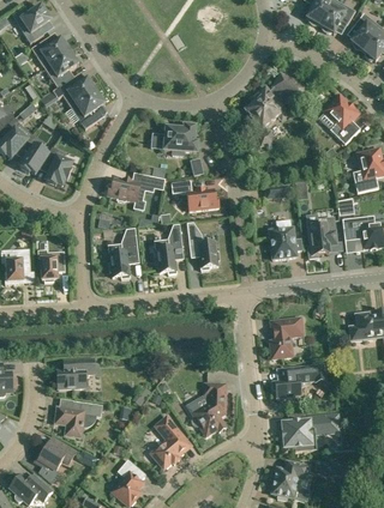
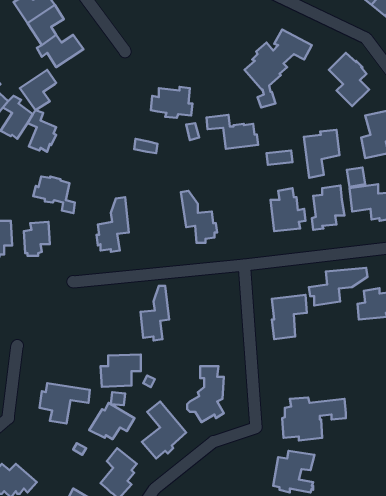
building: [71,91,104,128] -> [20,70,56,110]
building: none -> [304,130,339,178]
building: [107,177,145,211] -> [33,177,75,213]
building: [170,180,218,211] -> [206,115,258,149]
building: [156,224,182,274] -> [141,286,169,340]
building: [56,358,94,388] -> [100,354,141,387]
building: [271,363,325,398] -> [309,268,367,305]
building: [34,436,76,470] -> [89,403,135,439]

